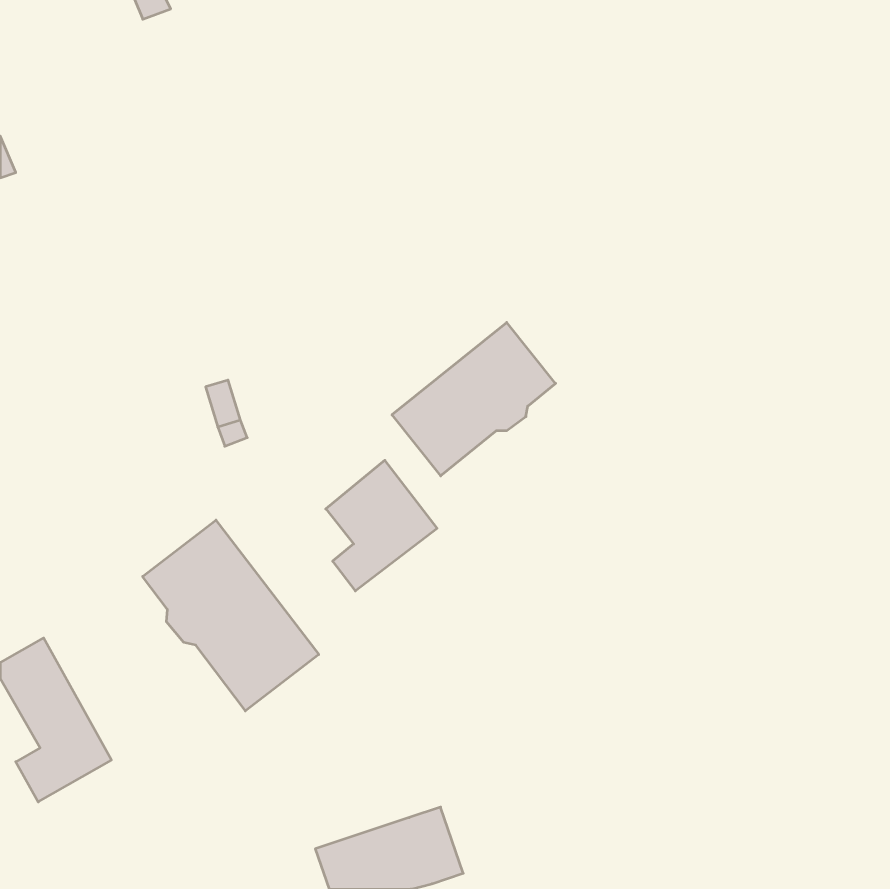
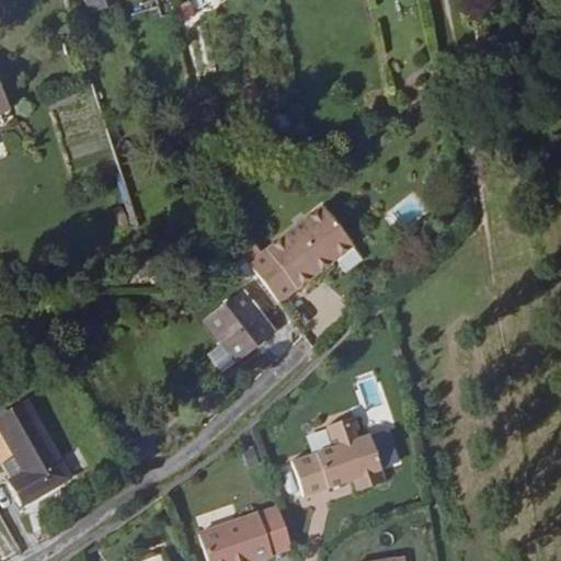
building: [143,520,319,711] -> none
building: none -> [291,416,386,495]

